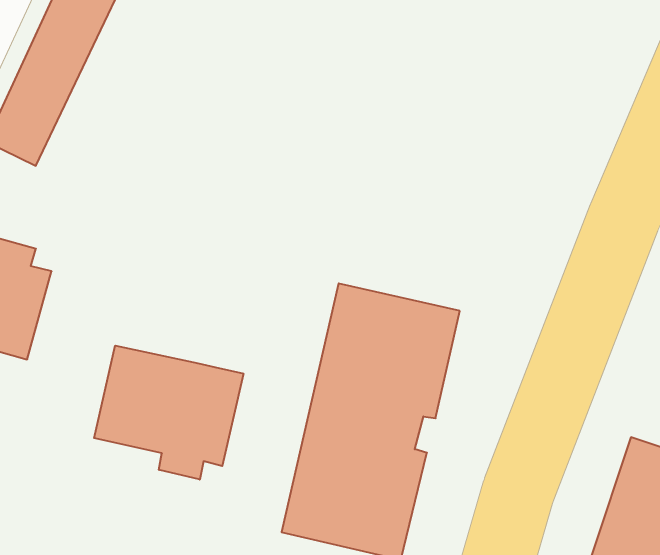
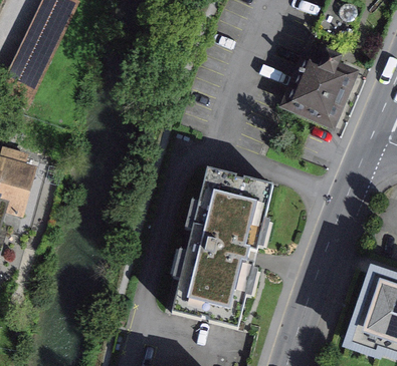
building: none -> [283,44,360,121]
building: [94,346,243,480] -> none

